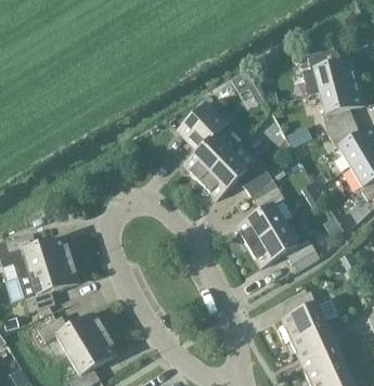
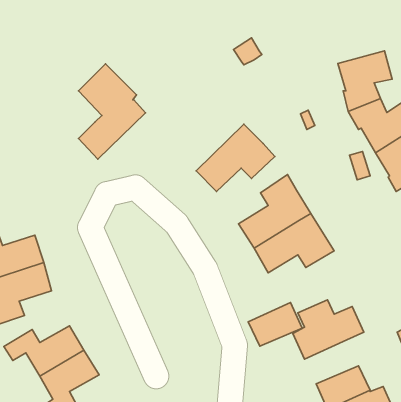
building: [302,49,358,94] -> none
building: [183,102,240,182] -> [78,64,146,159]
building: [291,324,336,361] -> [248,302,302,346]

